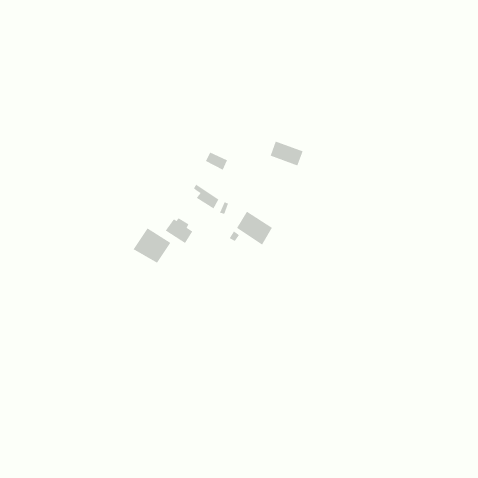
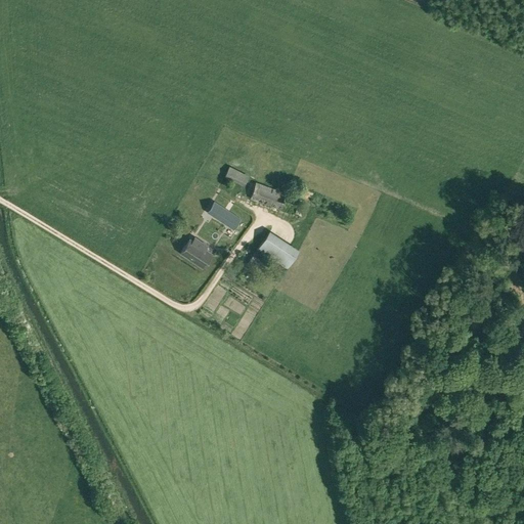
building: [270,141,303,166] -> [251,183,288,211]
building: [133,228,171,264] -> none

